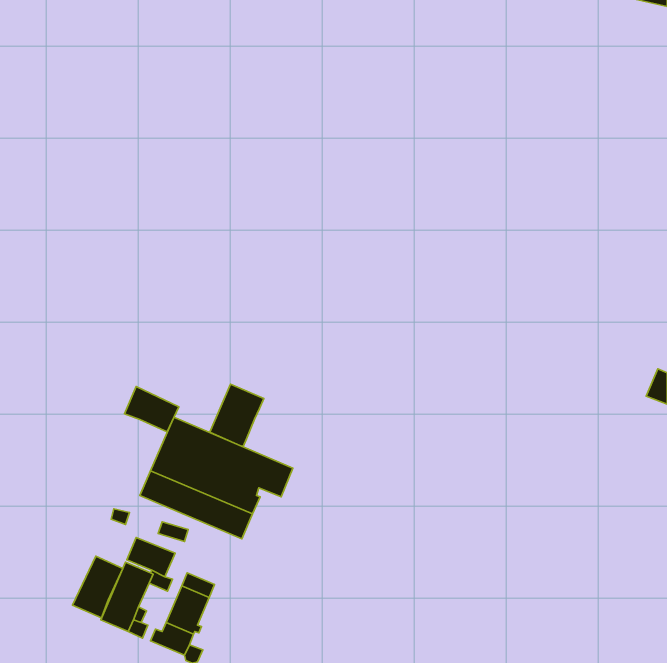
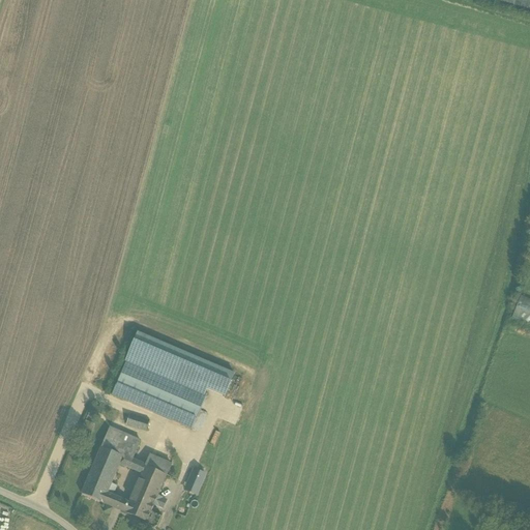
building: [210,384,264,447] -> none
building: [125,387,179,432] -> none
building: [72,556,123,618] -> none

